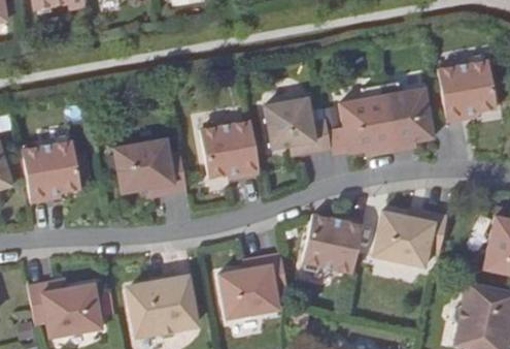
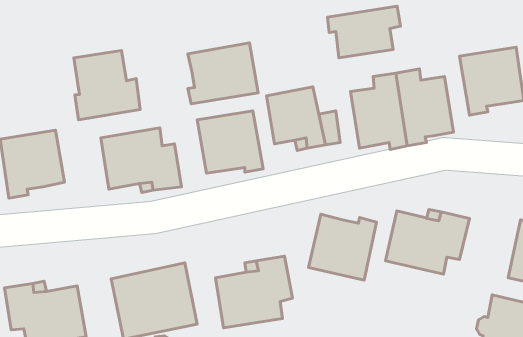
building: none -> [328,6,400,58]
building: none -> [188,43,258,104]
building: none -> [74,50,140,120]

